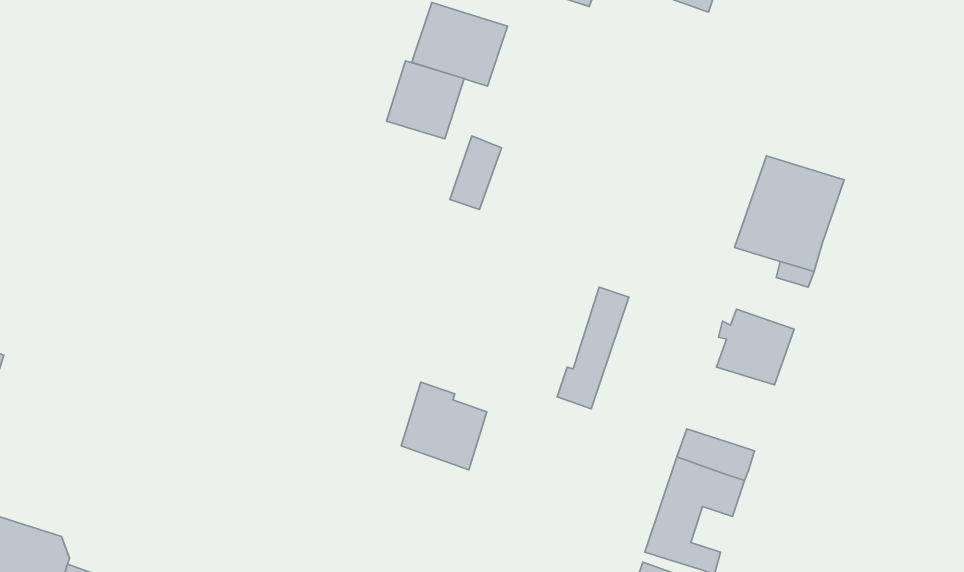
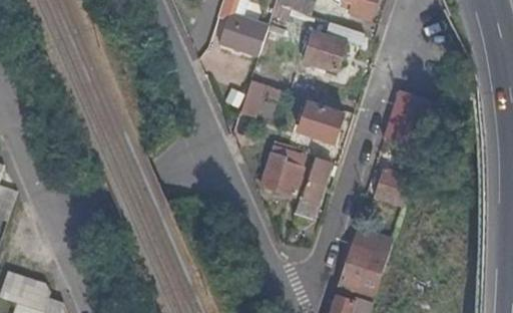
building: none -> [307,24,365,72]
building: [386,61,464,139] -> none
building: none -> [298,102,343,143]
building: [401,382,487,470] -> [260,151,303,196]

